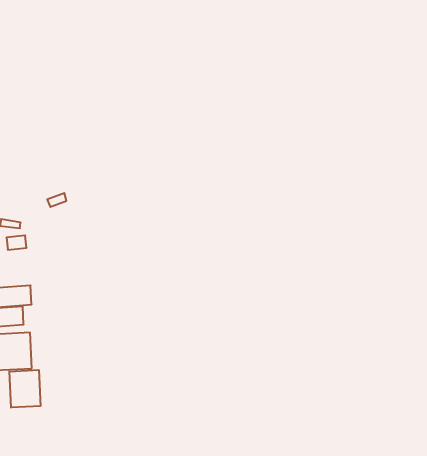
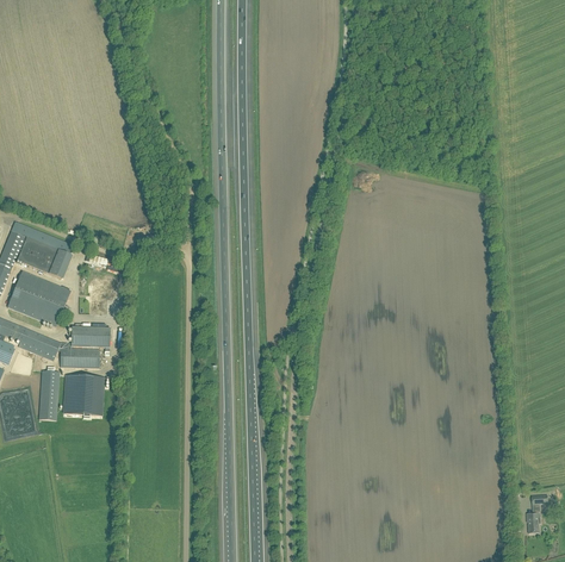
building: [9,370,40,408] -> none

